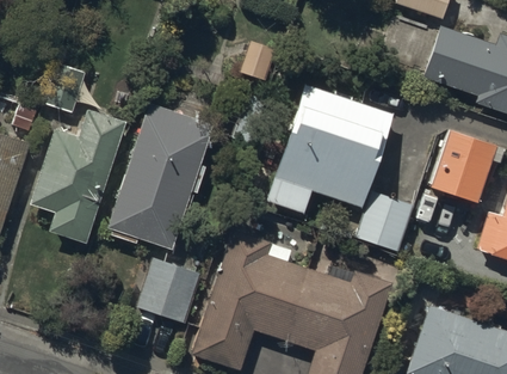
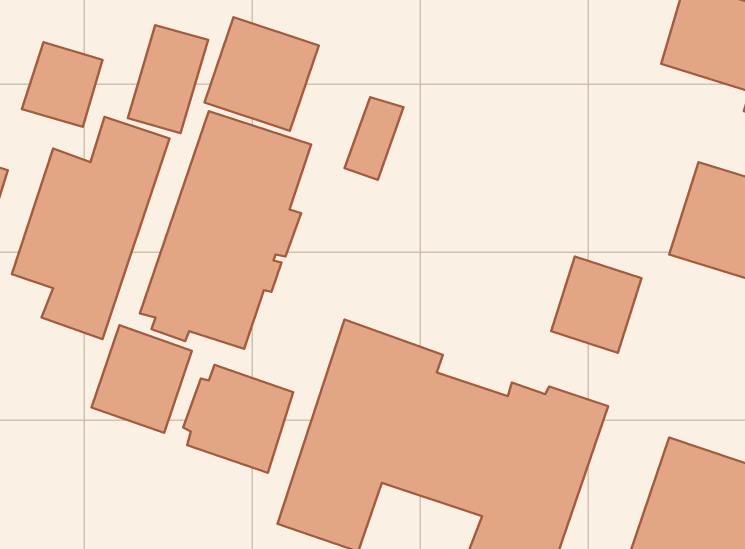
building: none -> [204,17,319,131]
building: none -> [128,25,208,133]
building: [253,85,391,214] -> none
building: none -> [92,325,192,433]

